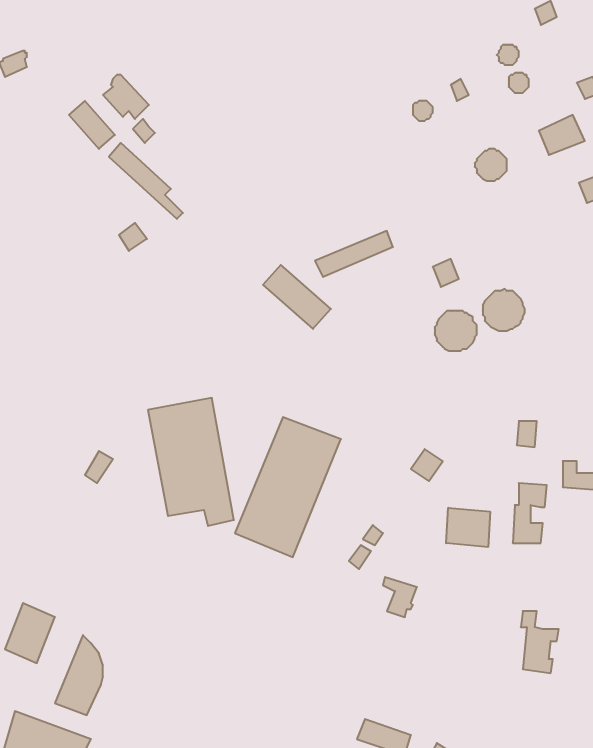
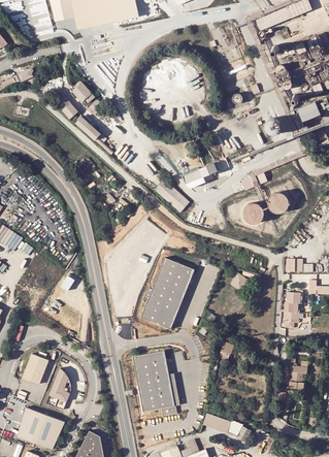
building: [148,398,234,526] -> [132,351,176,417]
building: [446,508,490,547] -> none

